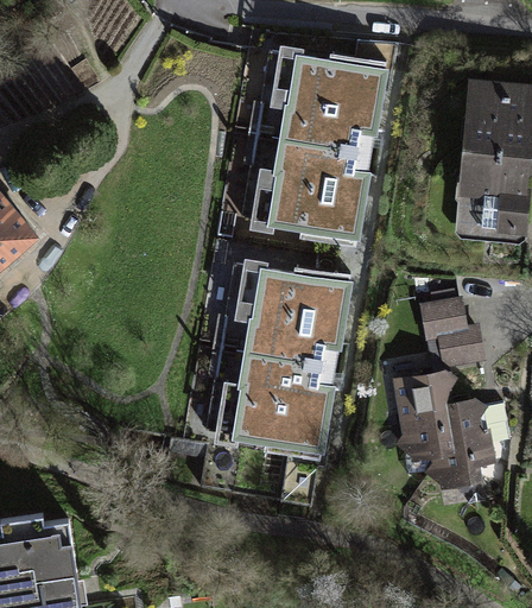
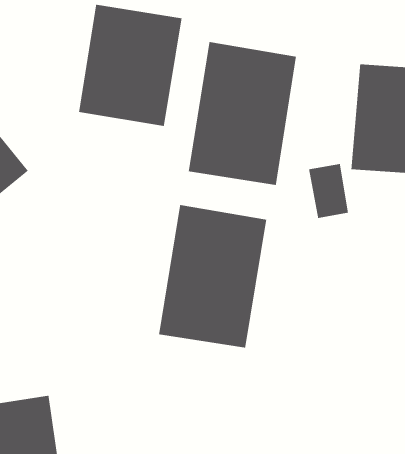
building: none -> [78,4,182,127]
building: [420,298,473,369] -> [308,163,349,219]
building: [406,374,493,489] -> none

